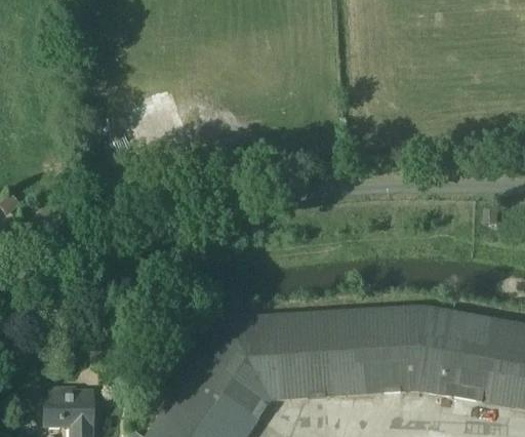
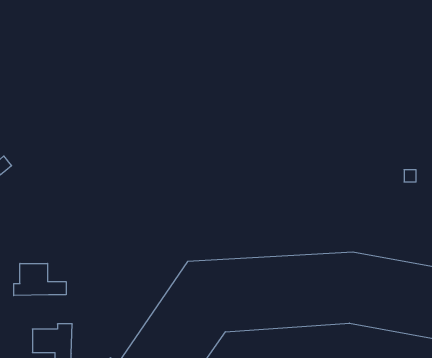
building: none -> [14,263,66,296]

